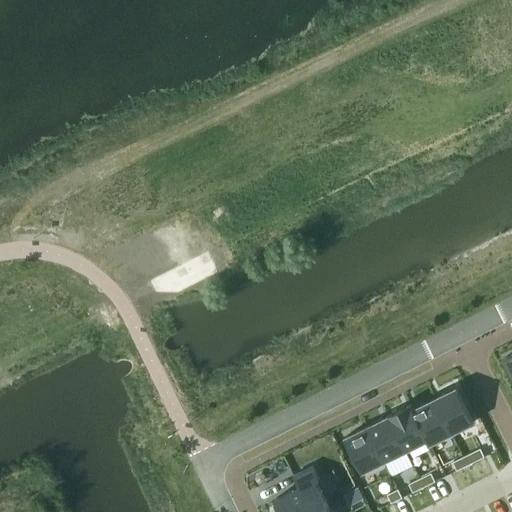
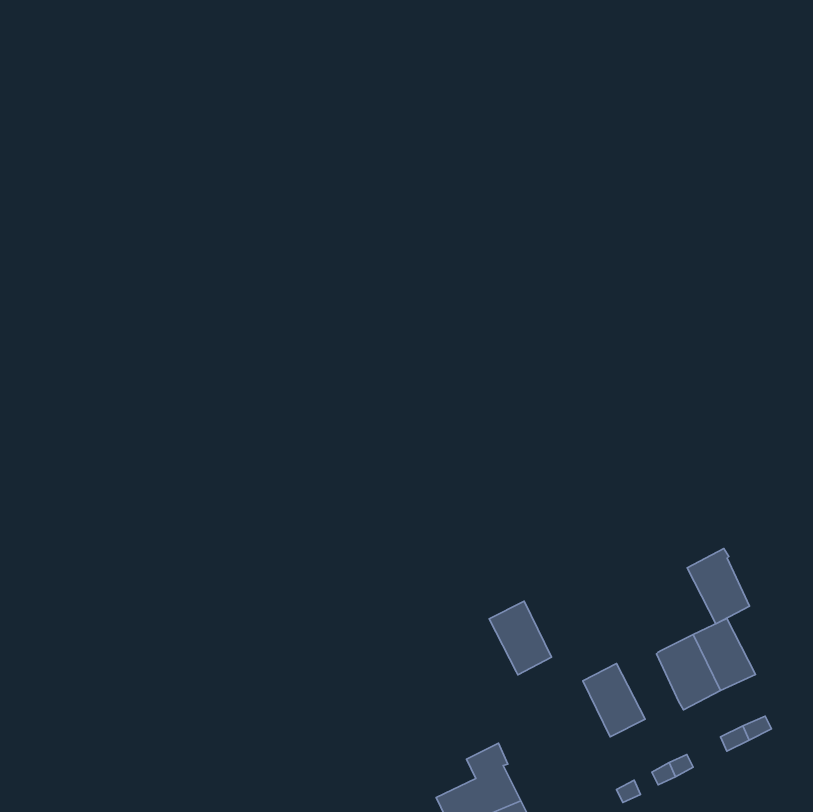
building: [386,406,425,453] -> [687,549,750,624]
building: [343,429,382,475] -> [489,601,551,675]

